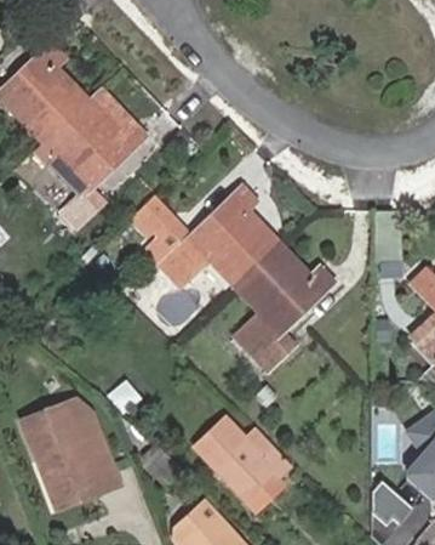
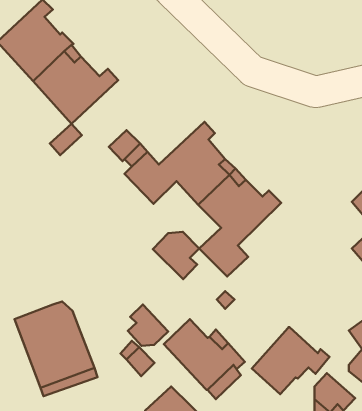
building: none -> [153,232,199,279]
building: none -> [128,305,168,346]
building: none -> [252,327,330,394]

